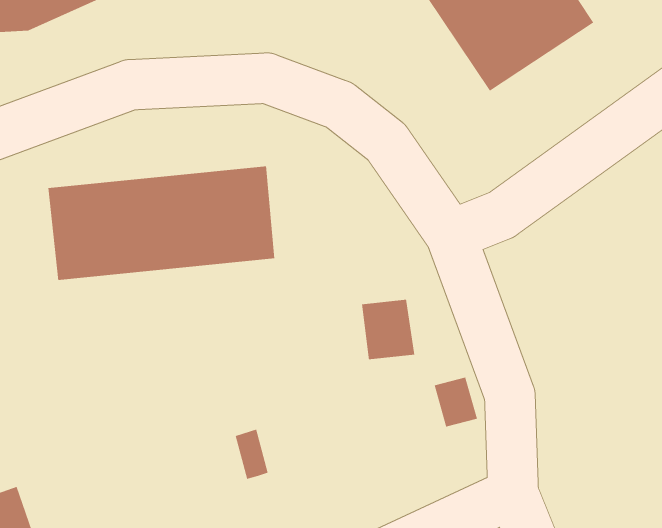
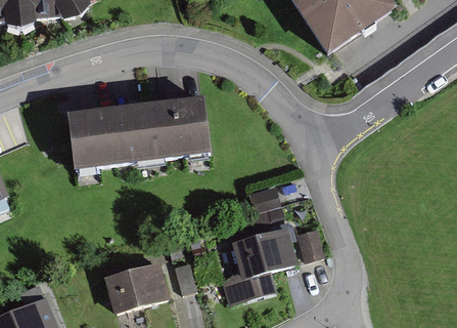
building: none -> [222,229,293,300]
building: none -> [102,263,167,313]

